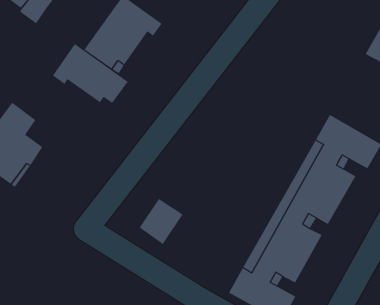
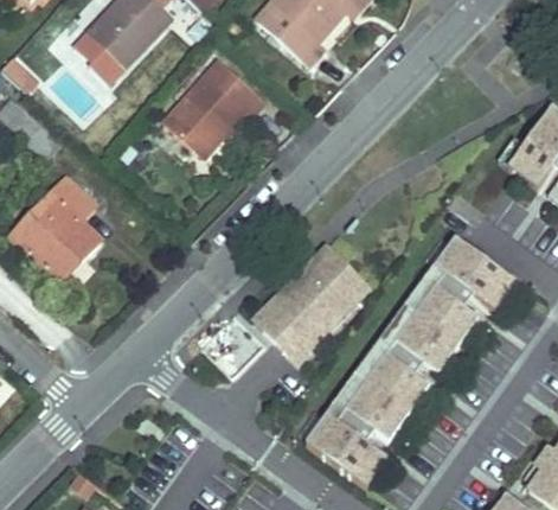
building: [52,43,129,104] -> none
building: none -> [255,247,368,362]

